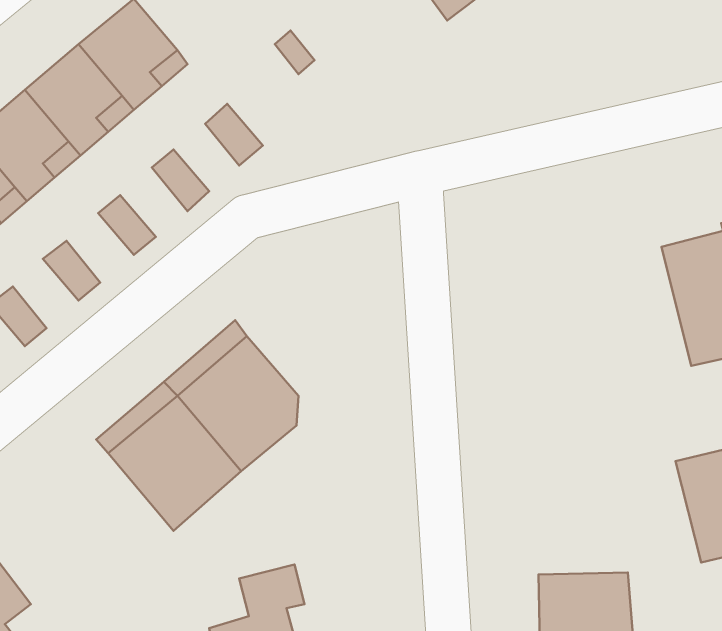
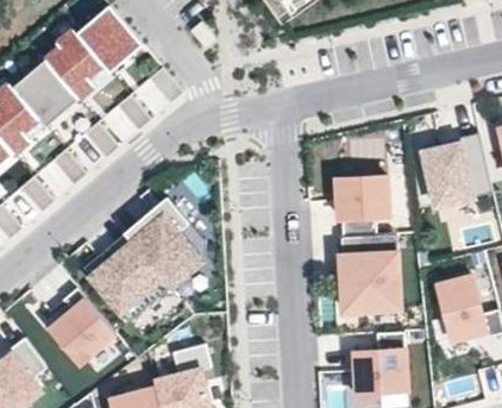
building: none -> [331,172,391,219]
building: none -> [341,233,402,310]
building: none -> [52,288,118,363]

